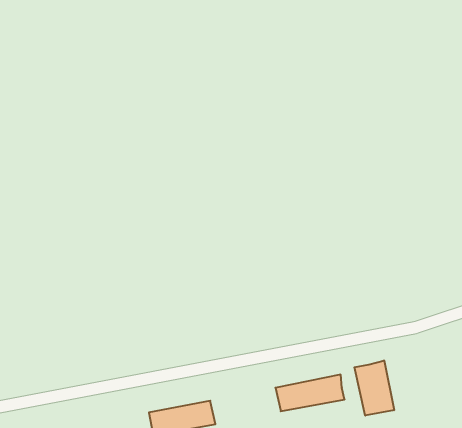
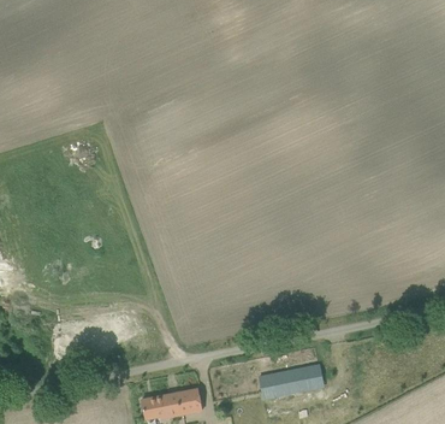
building: [354,360,394,416] -> none

